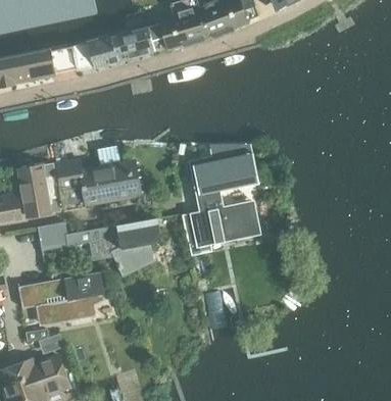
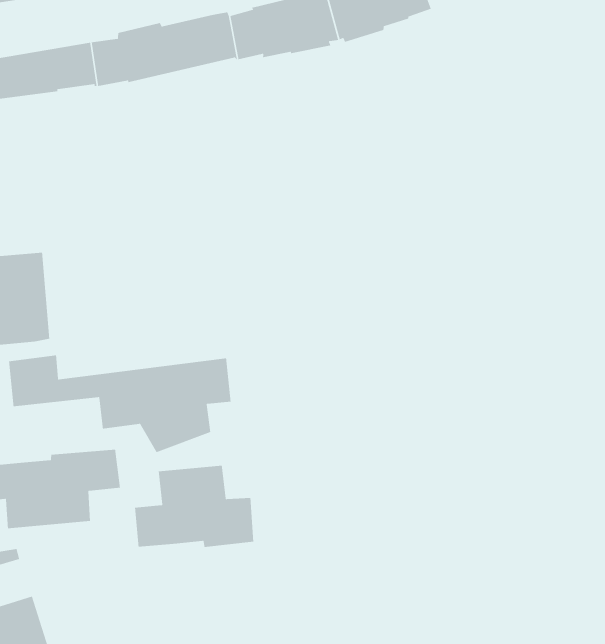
building: [54,146,137,203] -> none
building: [186,146,251,247] -> none
building: none -> [134,465,254,548]

